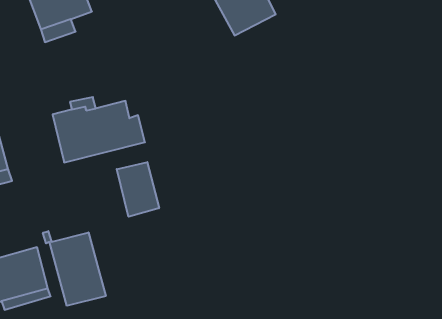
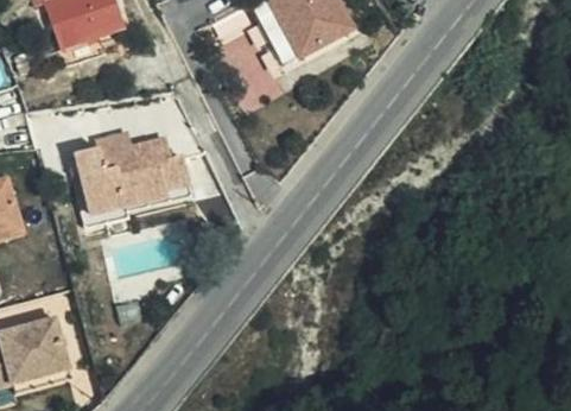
building: [117,162,159,217] -> none
building: [43,231,106,306] -> none

